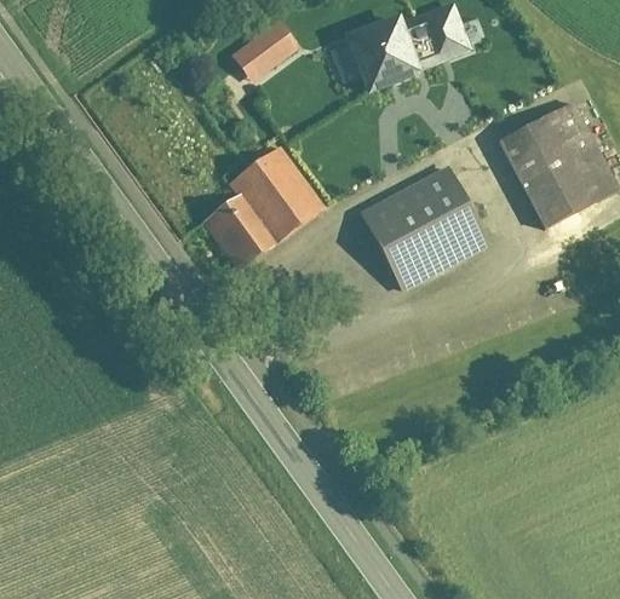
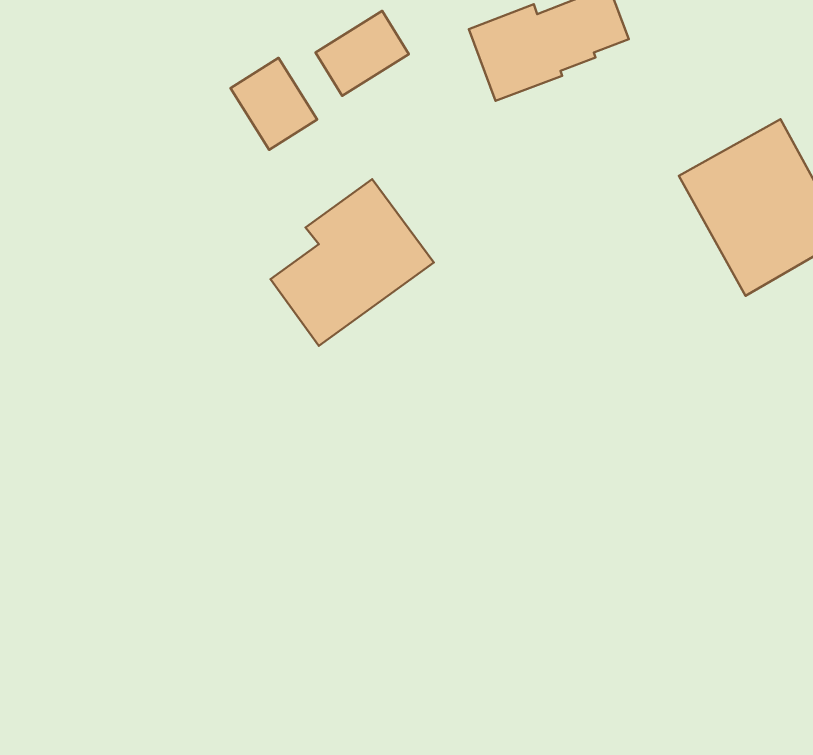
building: none -> [231,58,317,150]
building: [366,174,493,293] -> none

